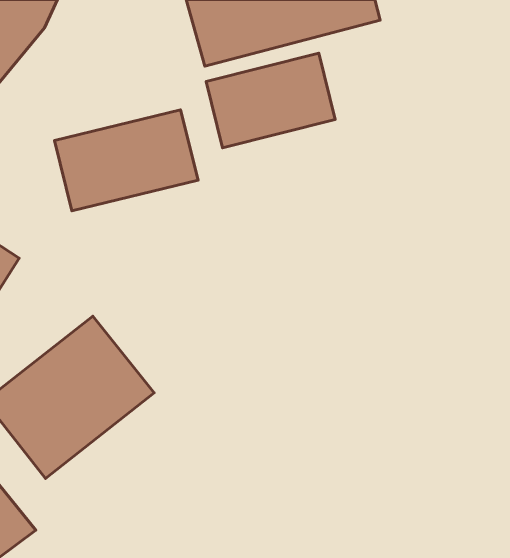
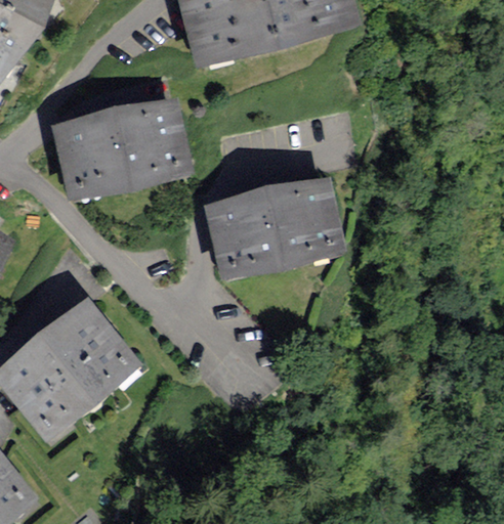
building: [206,53,335,148] -> none
building: none -> [204,178,343,277]

